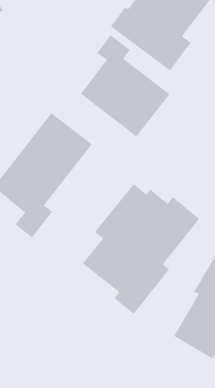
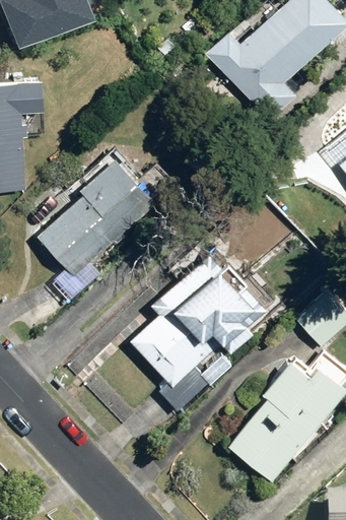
building: [80,34,171,138] -> none

